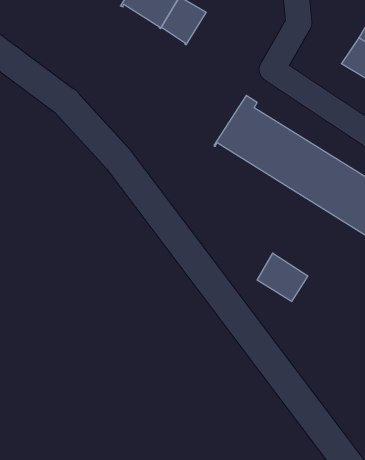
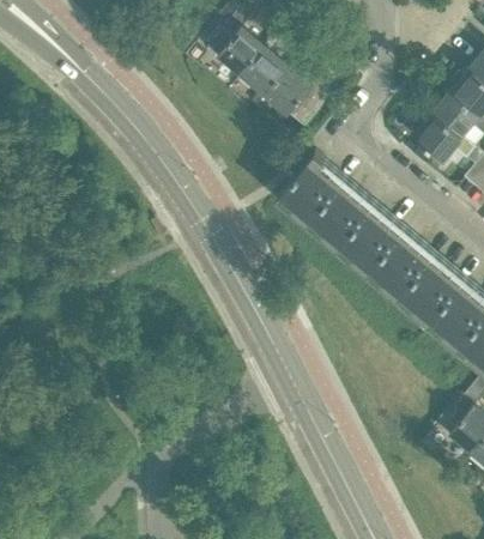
building: none -> [265,68,332,128]
building: [257,253,308,302] -> none

